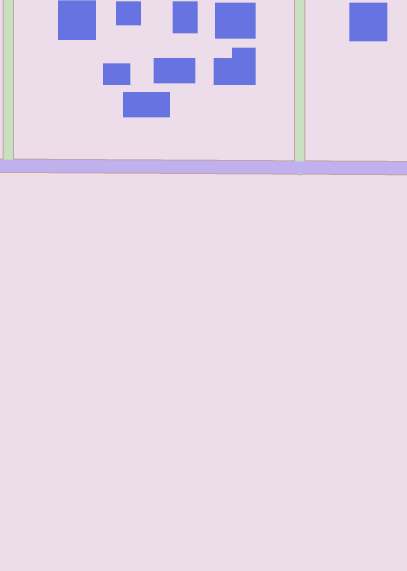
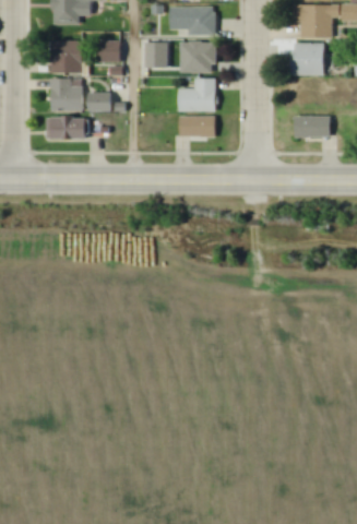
building: none -> [50,79,82,110]
building: [153,57,196,84] -> [179,116,215,138]
building: none -> [294,115,331,138]
building: [122,91,171,118] -> [47,116,87,138]

